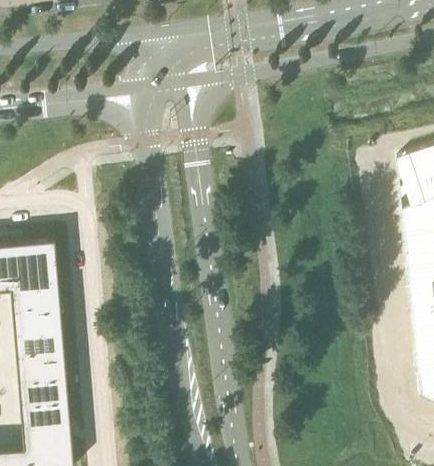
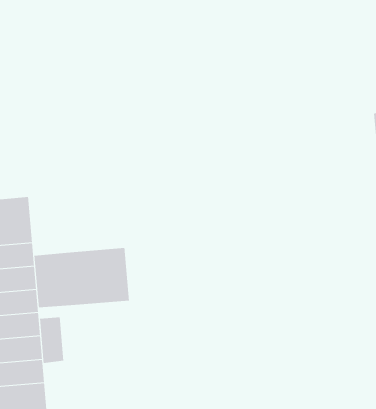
building: none -> [34,247,129,308]
building: none -> [39,317,64,364]

